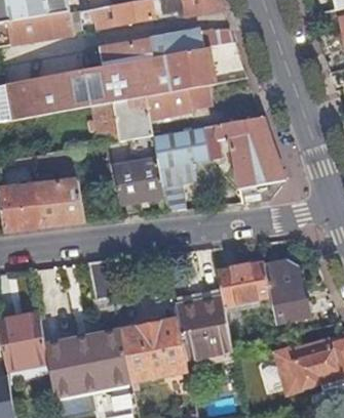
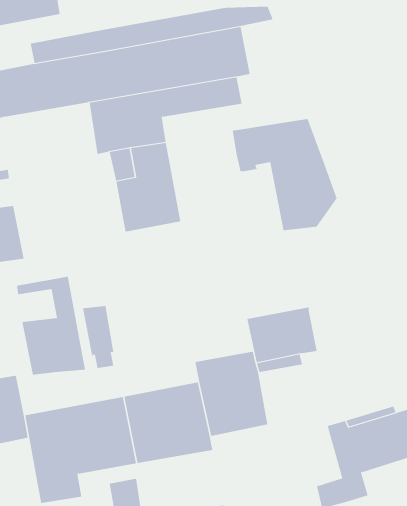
building: [153,126,214,211] -> none
building: [32,149,85,224] -> [16,276,86,375]
building: [263,260,308,322] -> none

